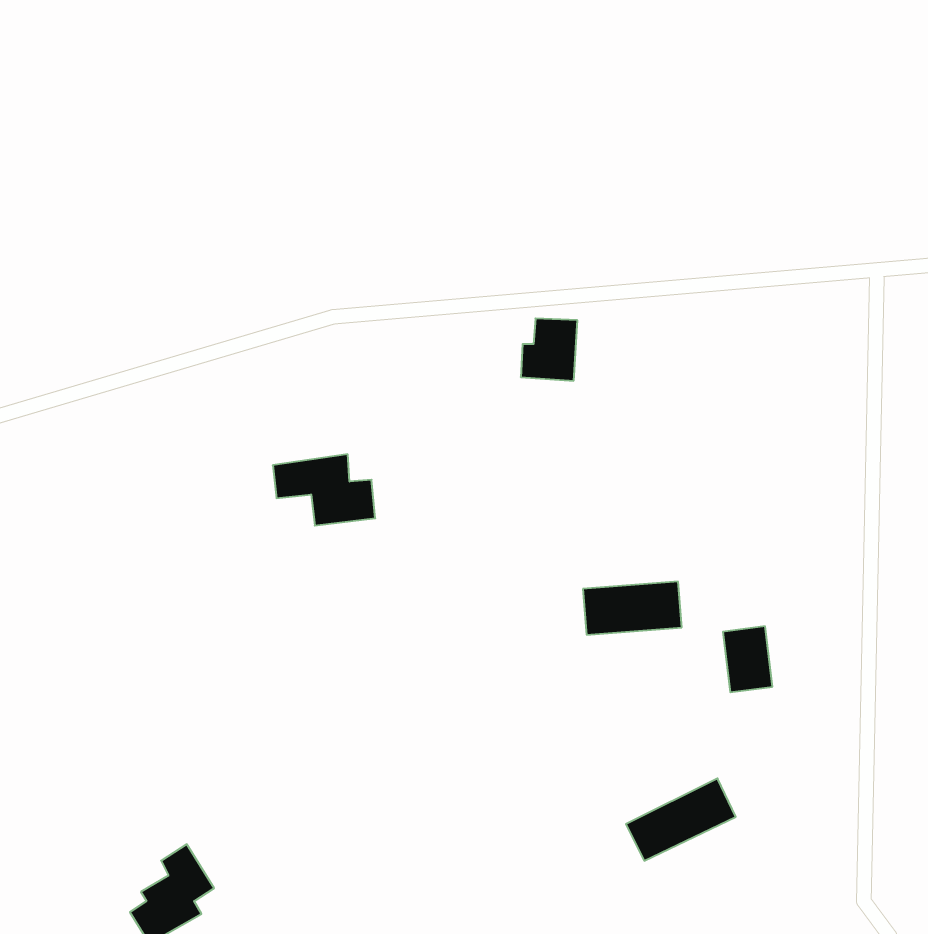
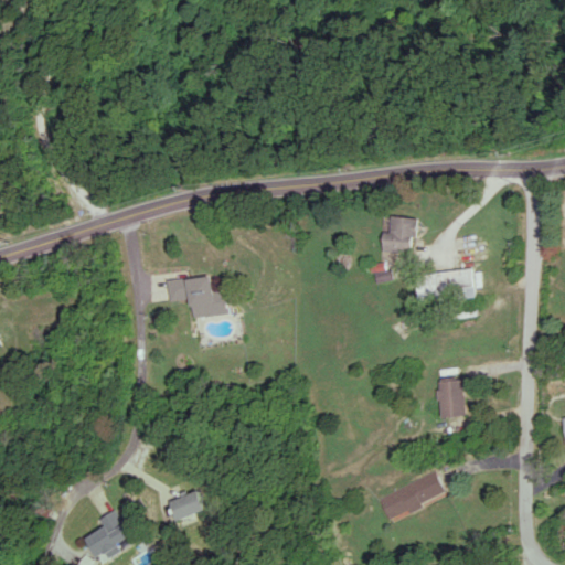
building: [521,318,577,381] -> [381,216,415,254]
building: [583,582,682,635] -> [415,269,475,301]
building: none -> [168,491,203,520]

